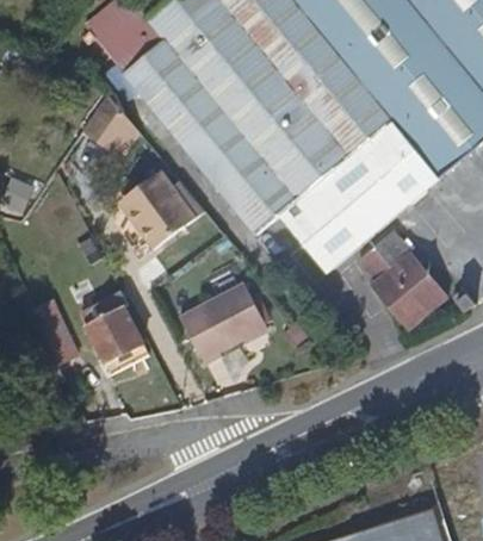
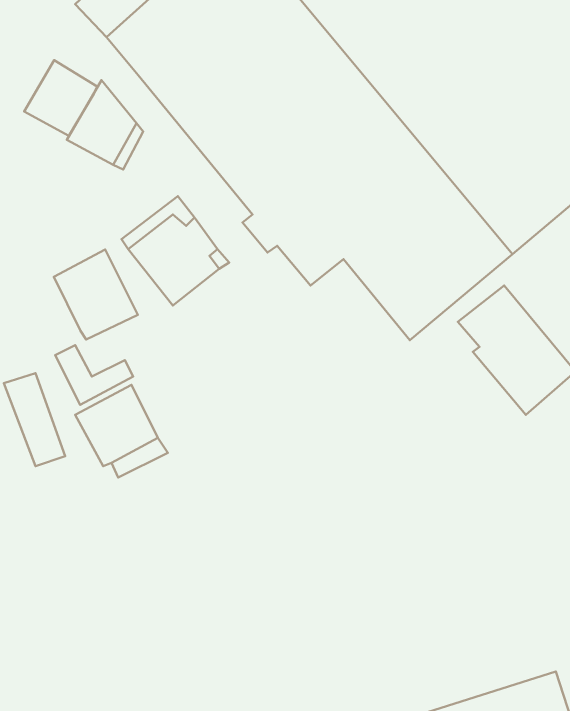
building: none -> [24,60,97,136]
building: none -> [54,249,138,340]
building: [180,280,267,363] -> none

